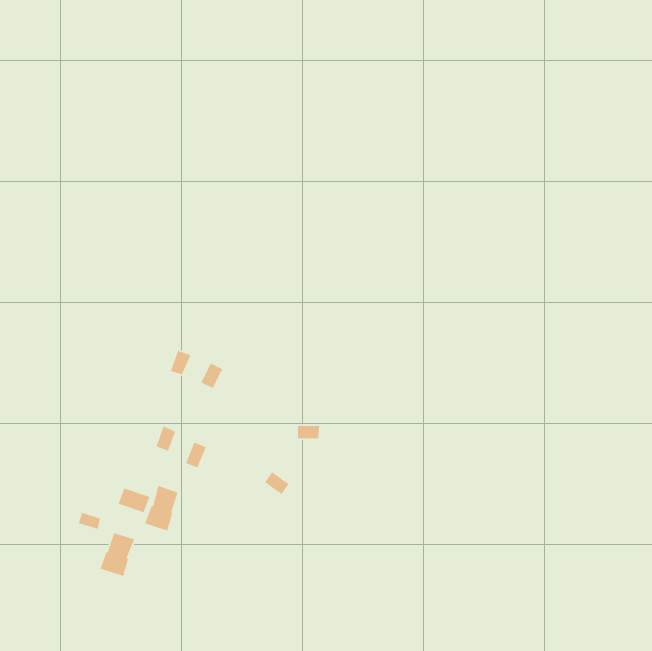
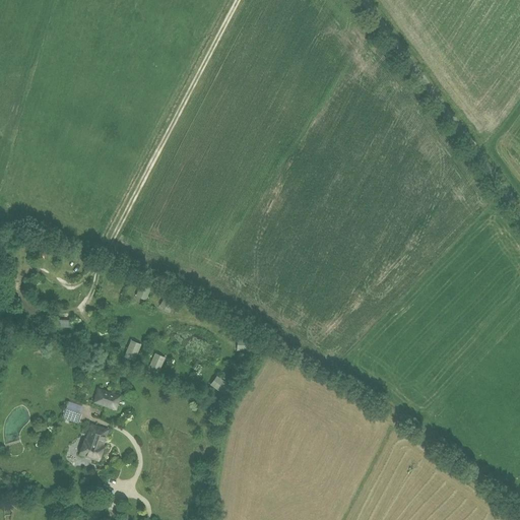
building: [144,485,178,532] -> none

